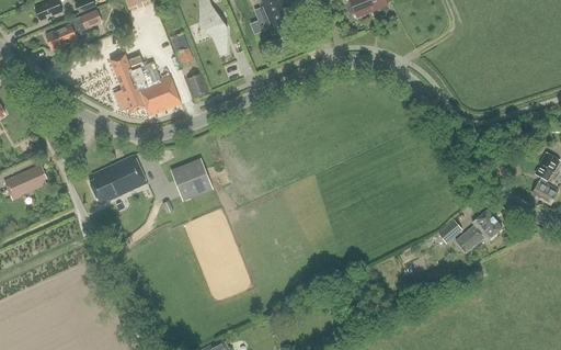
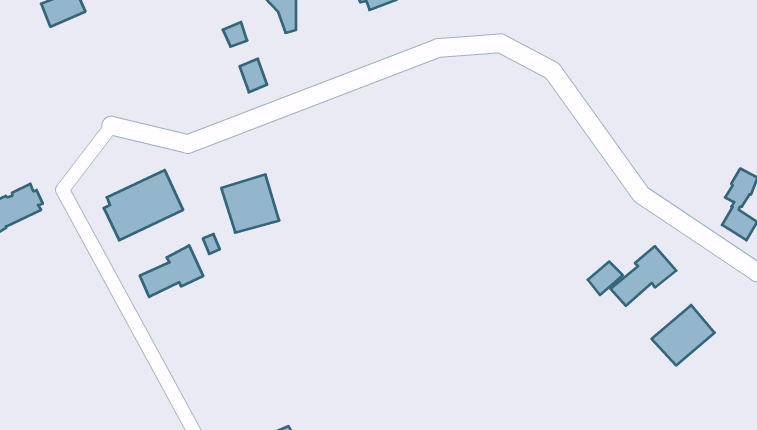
building: [111,54,180,115] -> none
building: none -> [140,245,203,297]
building: none -> [652,305,715,365]

